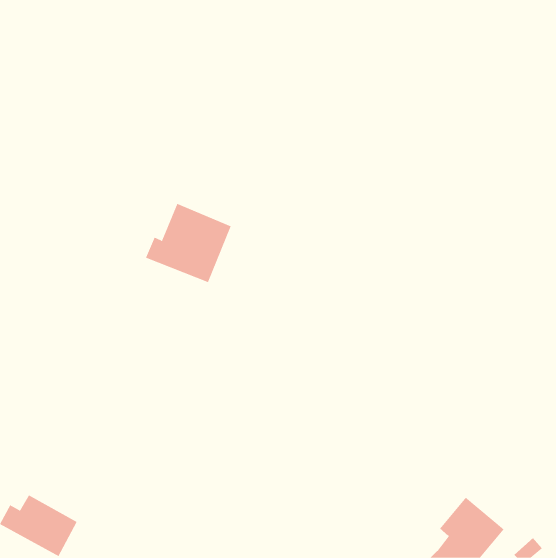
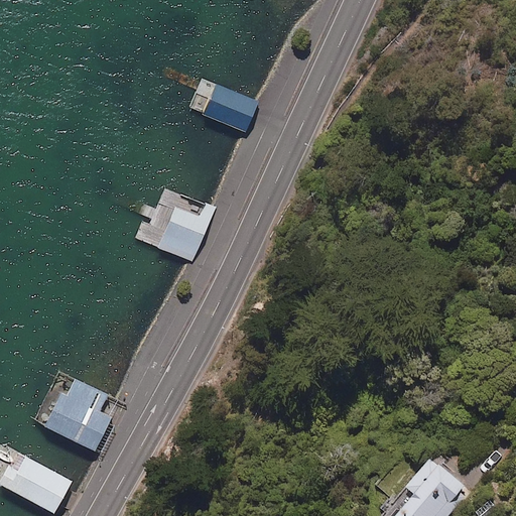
building: none -> [187,78,258,132]
building: none -> [42,380,112,452]

